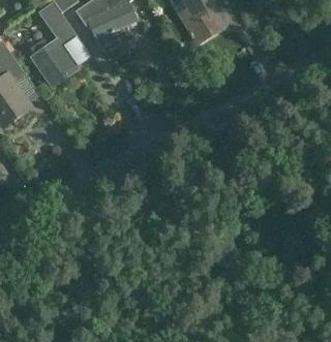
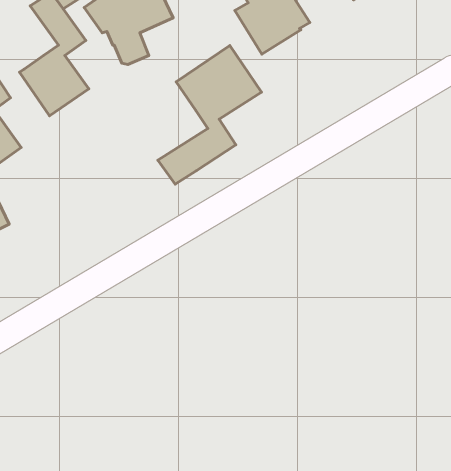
building: none -> [158,45,261,184]

